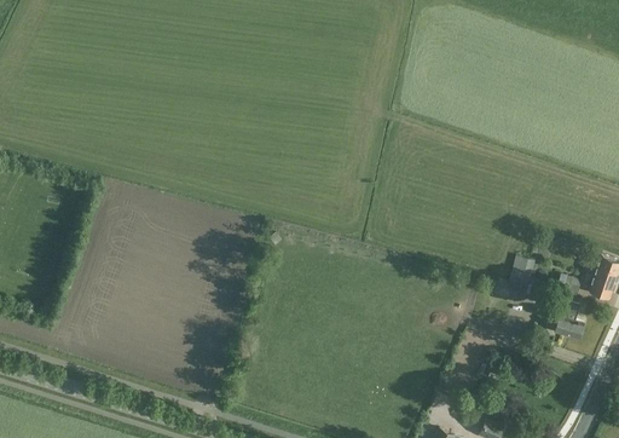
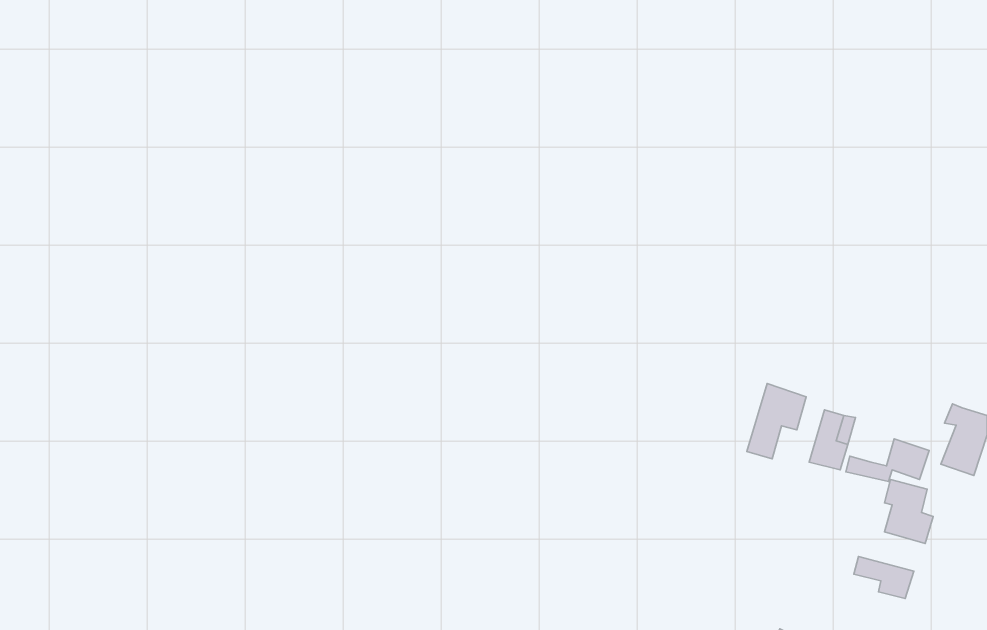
building: none -> [747,384,806,459]
building: none -> [854,557,914,598]

